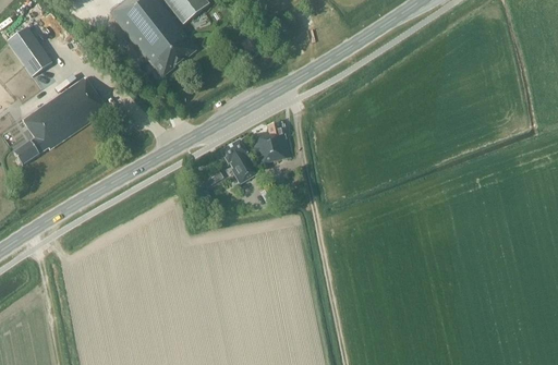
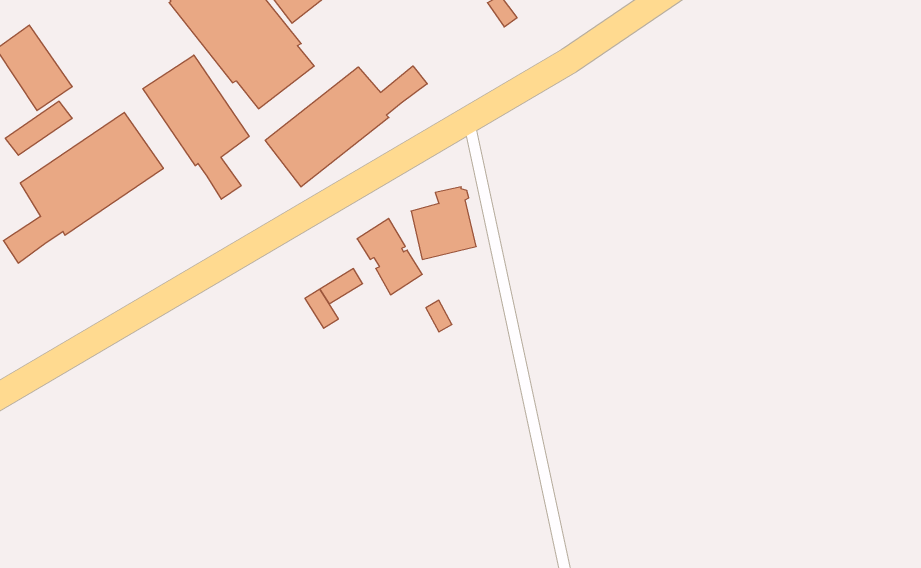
building: none -> [143,55,249,199]
building: none -> [265,66,427,187]

